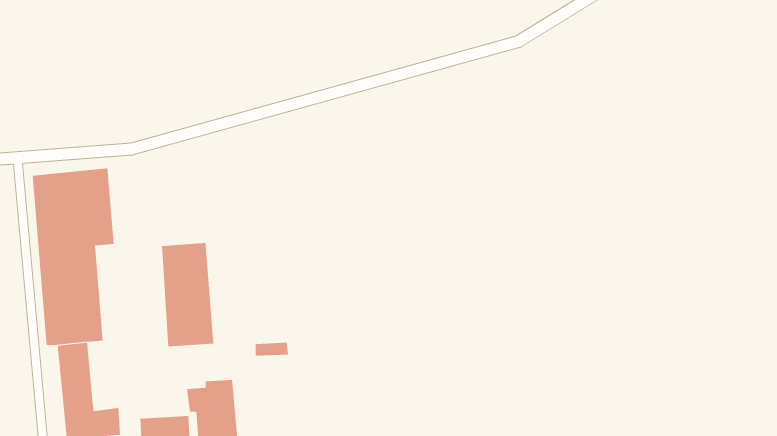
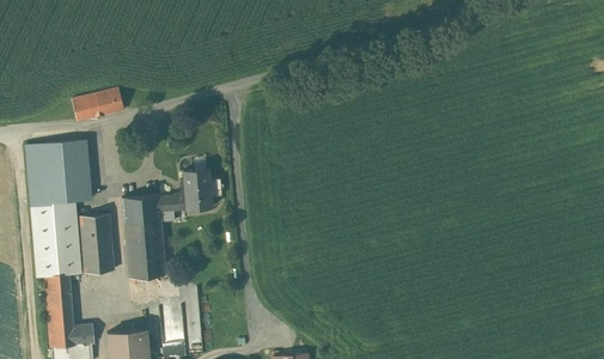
building: none -> [71,89,123,122]
building: none -> [160,170,211,212]
building: none -> [83,213,116,270]

